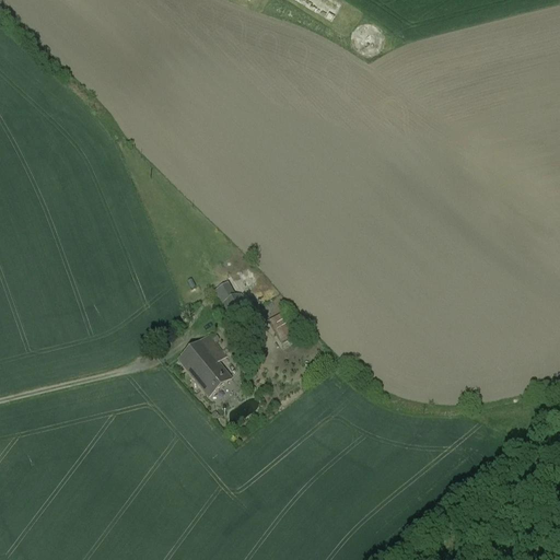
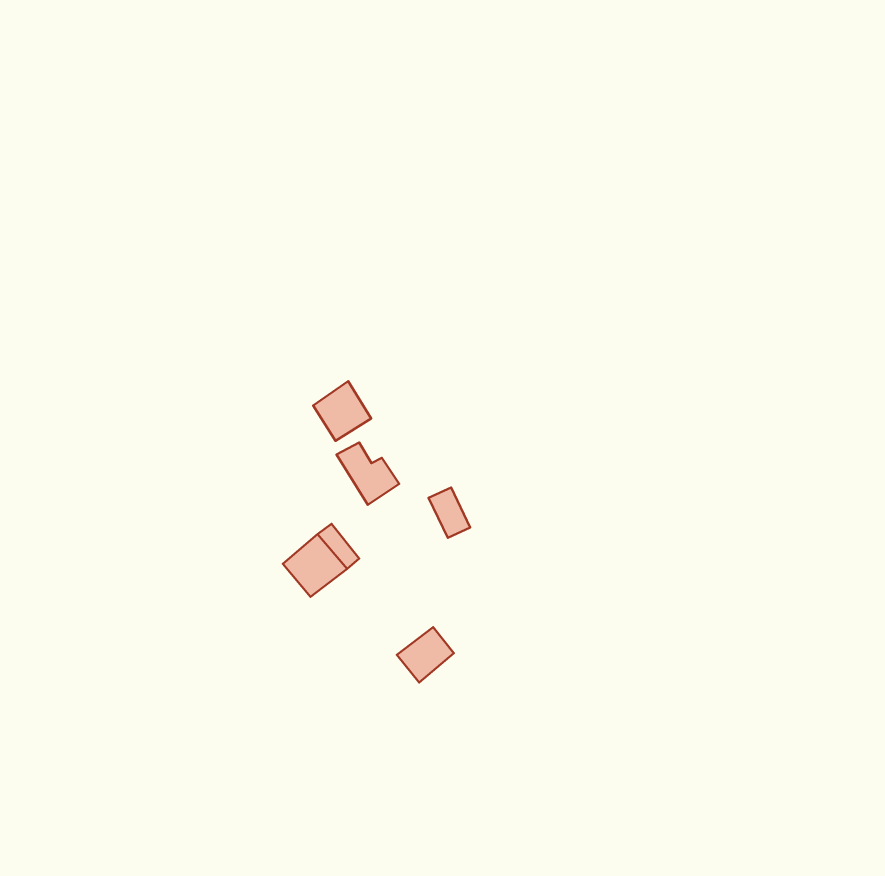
building: none -> [313,381,371,441]
building: [196,359,232,394] -> [397,627,454,683]

